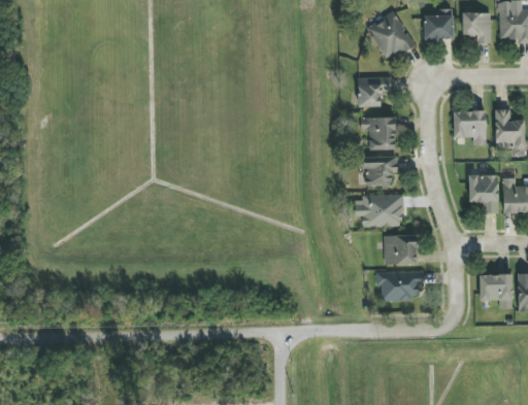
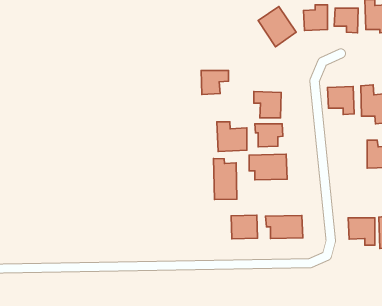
building: [357,77,391,107] -> [201,70,228,94]
building: none -> [217,122,247,151]
building: [468,174,497,213] -> none
building: none -> [213,159,237,200]
building: [384,234,417,264] -> [231,215,258,239]

